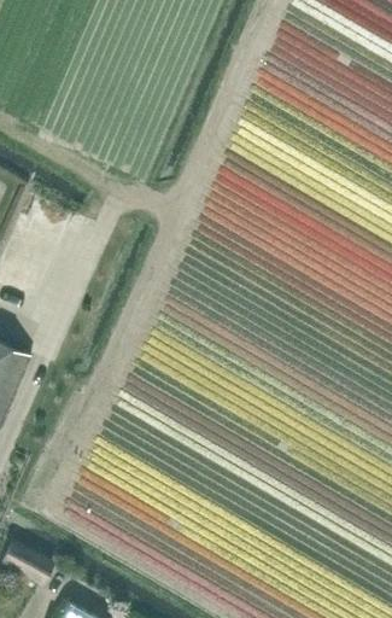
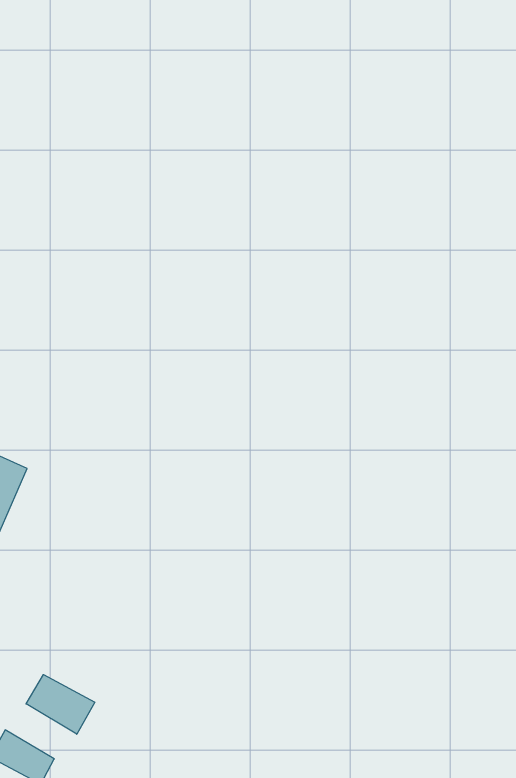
building: none -> [26,675,95,734]

